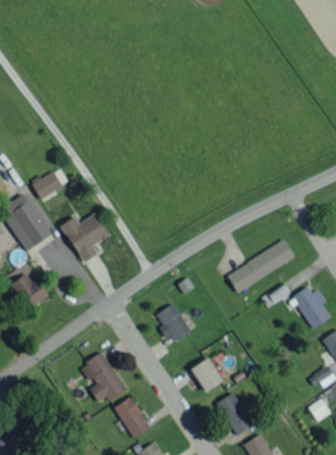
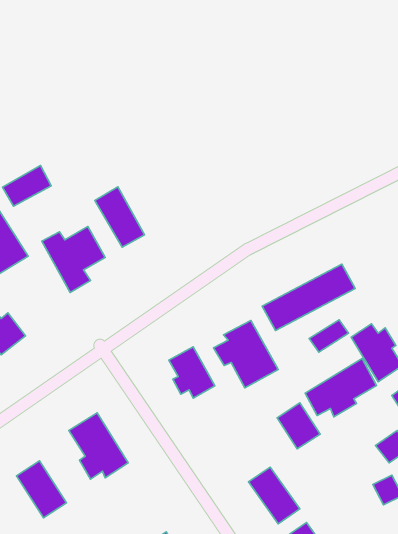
building: none -> [95,187,145,247]
building: none -> [213,320,278,388]
building: none -> [305,359,377,417]
building: [191,357,223,391] -> [277,403,320,449]
building: [114,395,151,438] -> [17,461,67,518]

